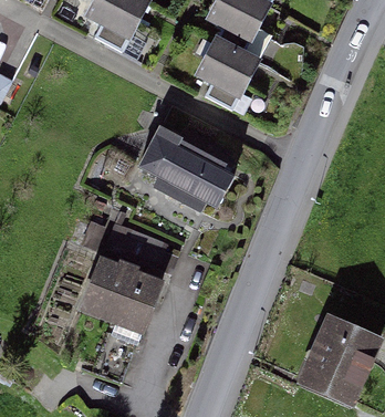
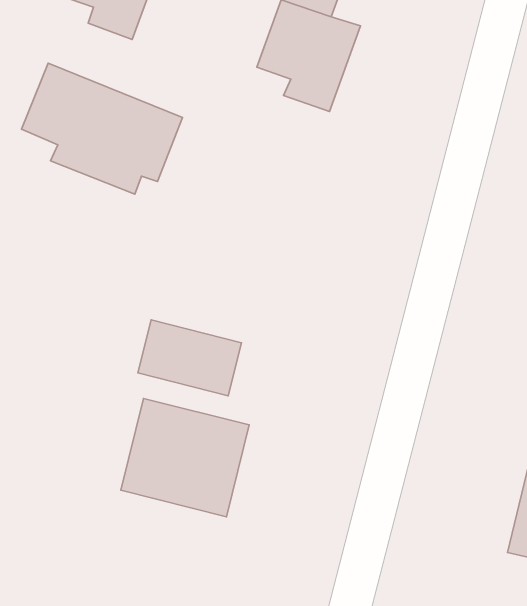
building: [139,127,235,211] -> [22,63,182,194]

